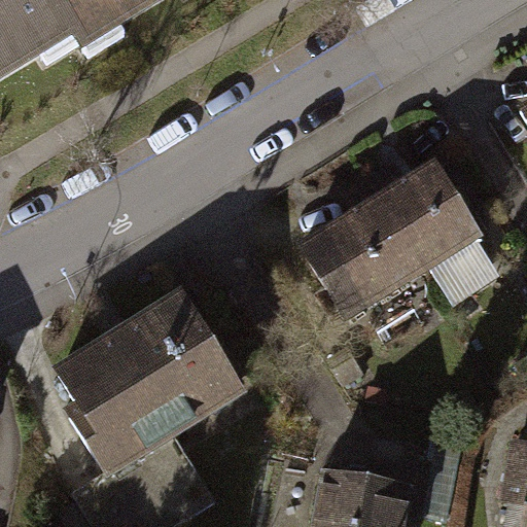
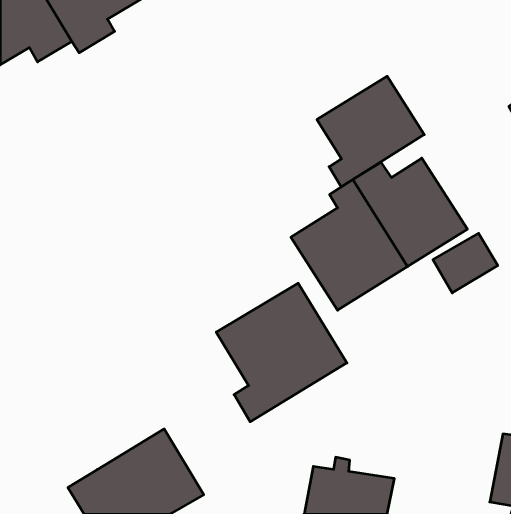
building: none -> [317,76,424,187]
building: none -> [216,283,347,422]
building: [58,295,236,477] -> none

